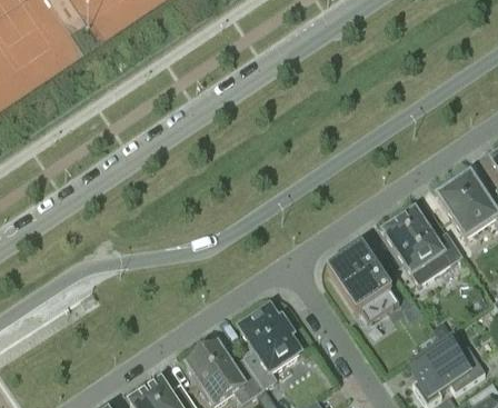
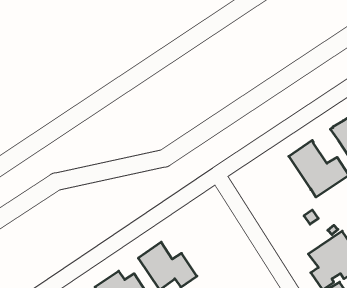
building: [327,245,399,320] -> none
building: [240,306,300,386] -> none

